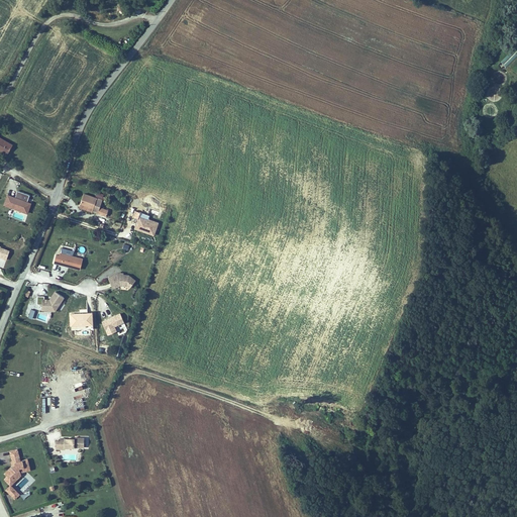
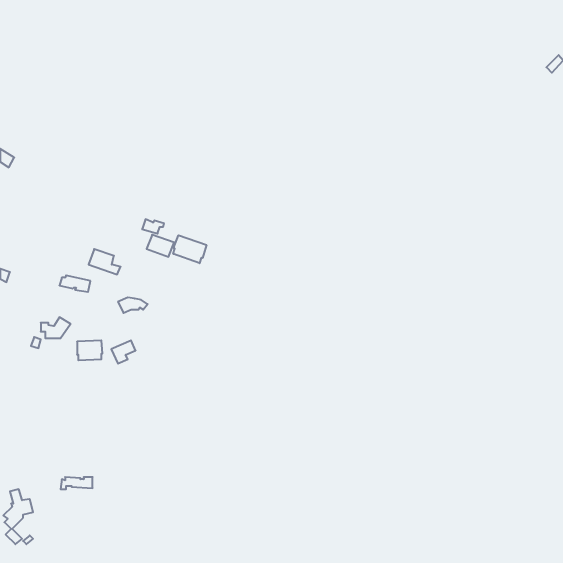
building: [4,190,32,213] -> none
building: [80,193,109,216] -> [89,249,121,274]
building: none -> [173,235,206,263]

